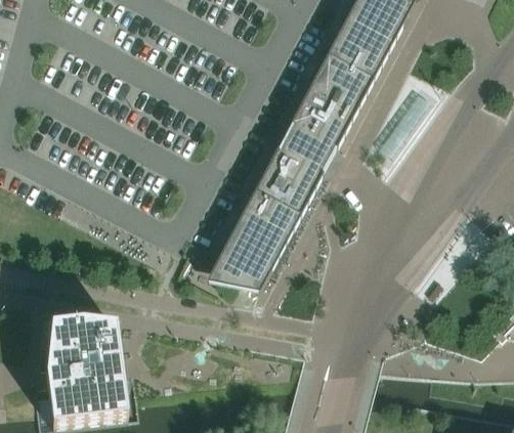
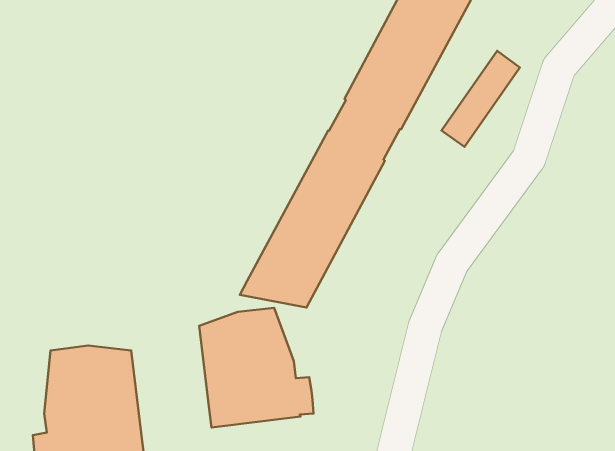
building: none -> [199,308,313,427]

